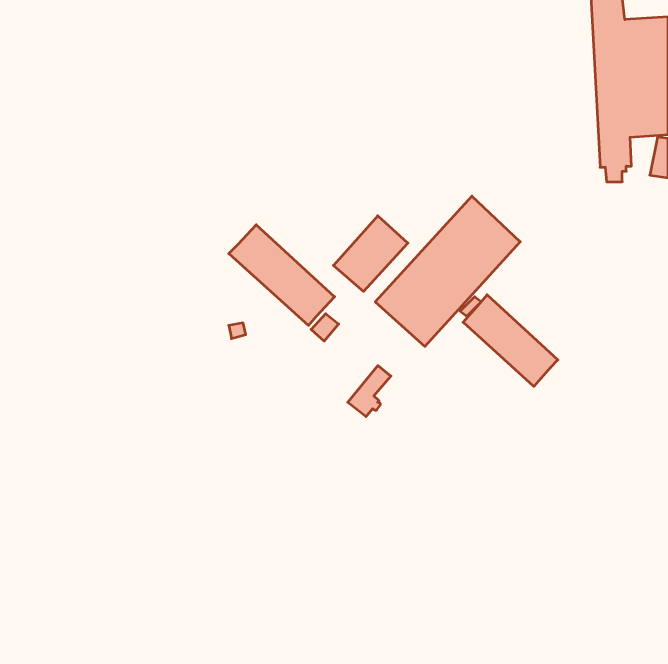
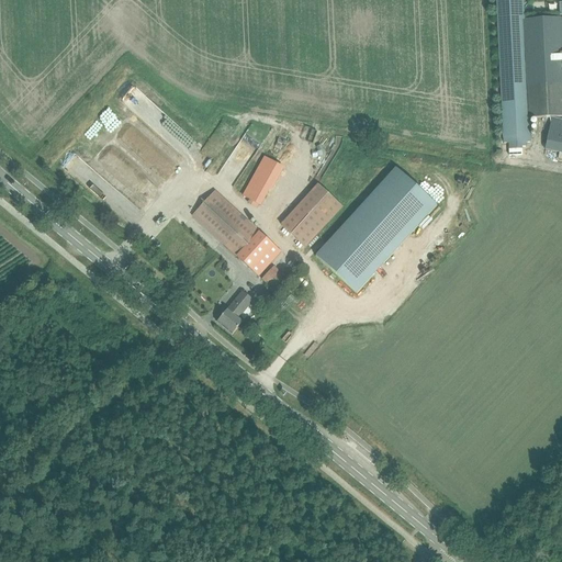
building: none -> [239,149,284,203]
building: [463,295,558,386] -> none
building: [348,366,391,417] -> [217,289,254,331]

